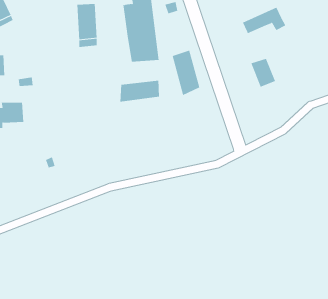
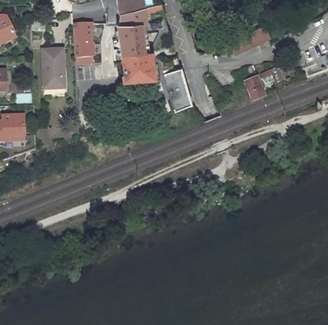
building: none -> [42,44,63,85]
building: [120,80,160,102] -> none

